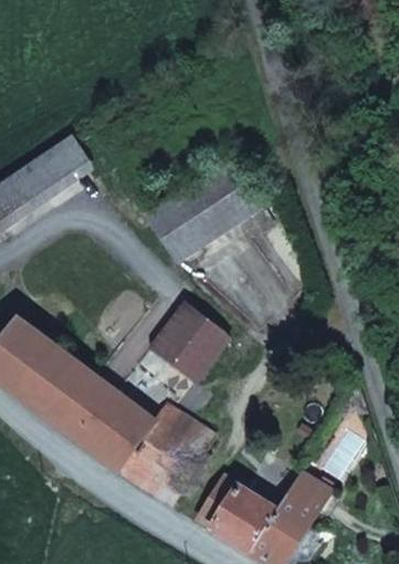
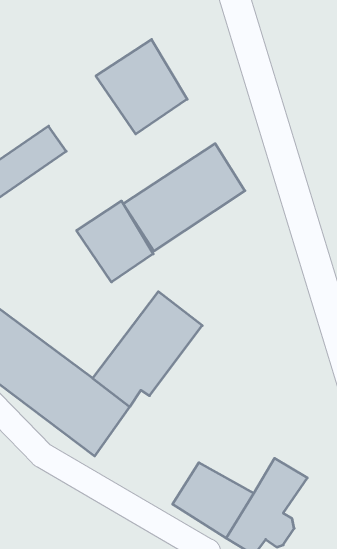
building: none -> [96,39,187,134]
building: none -> [77,201,153,282]
building: [117,403,213,502] -> none

